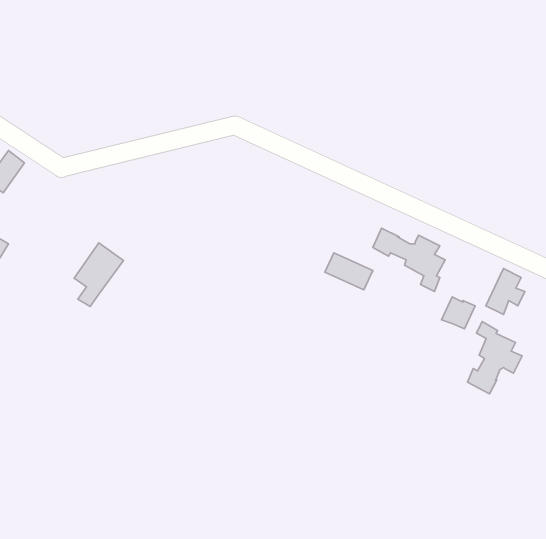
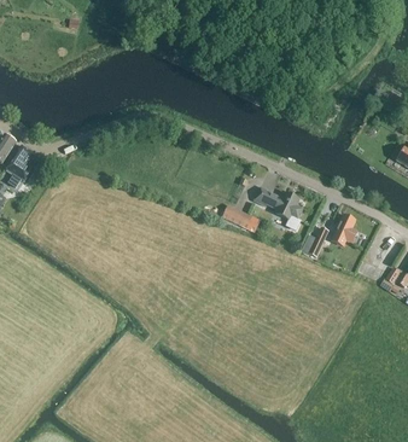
building: [74,243,124,306] -> [6,145,40,188]
building: [467,322,522,394] -> none

